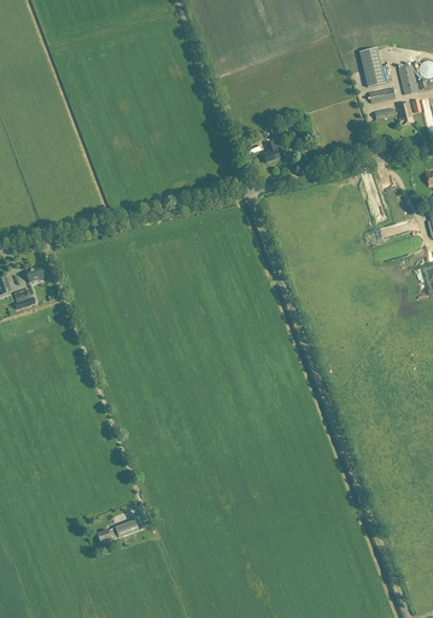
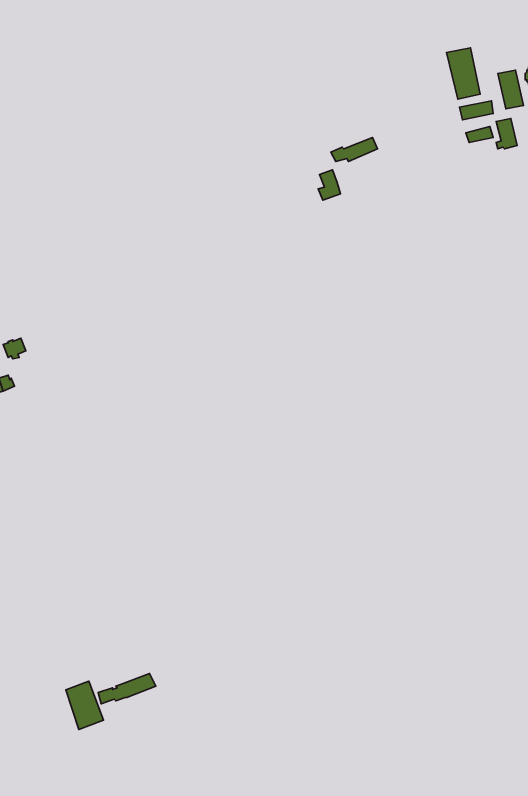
building: none -> [66,681,104,730]

